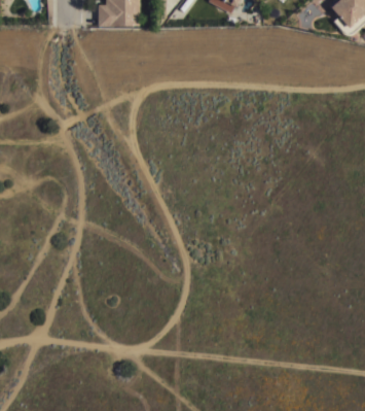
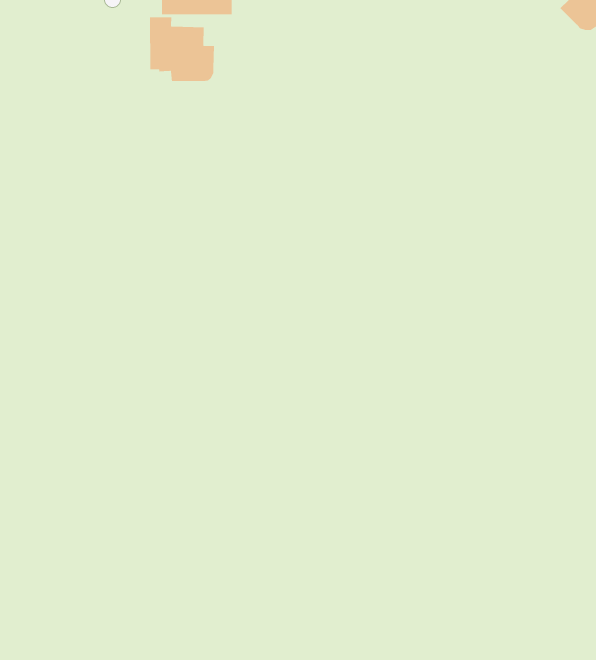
building: none -> [149,16,215,82]

